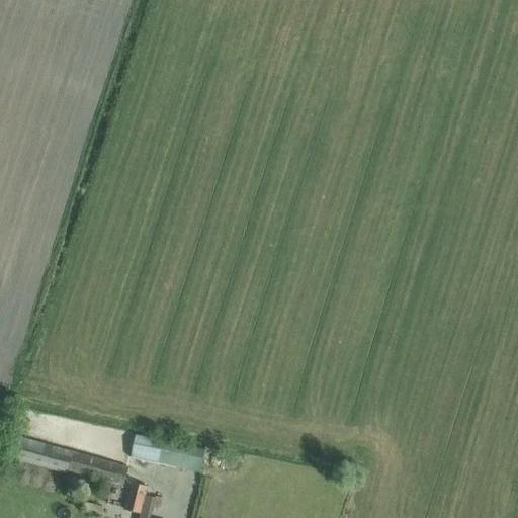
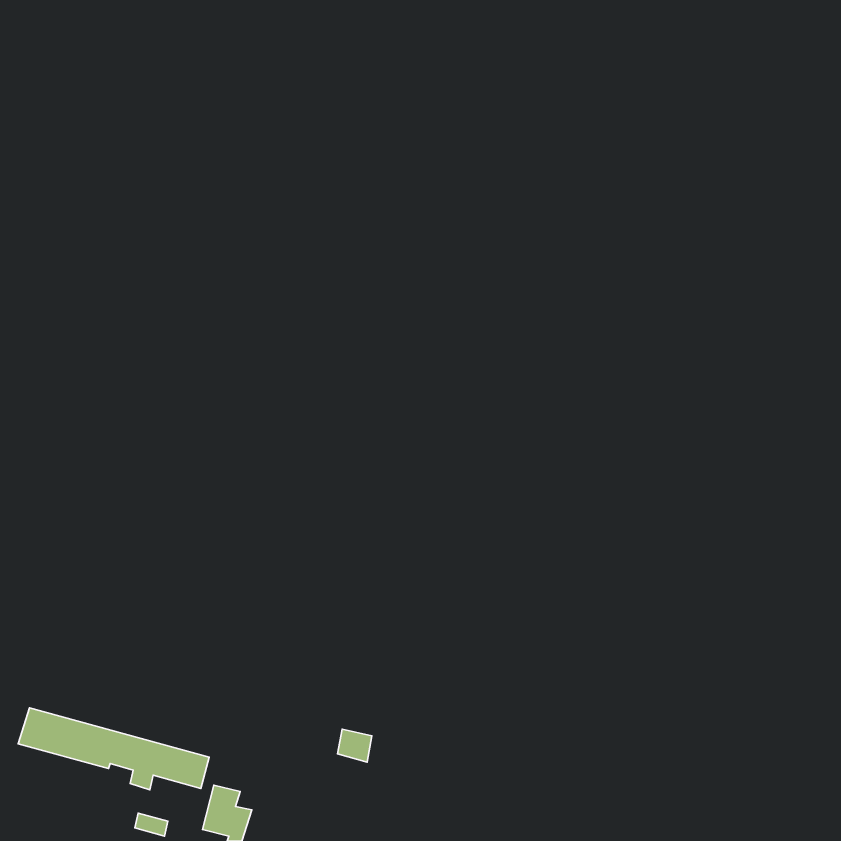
building: [131,433,206,470] -> none

